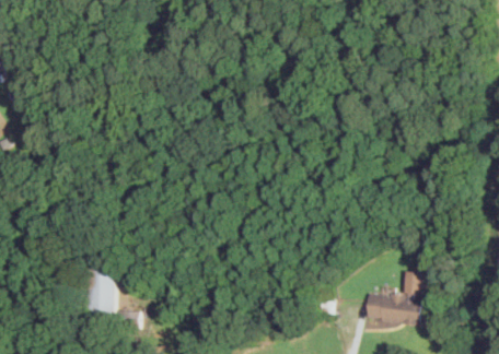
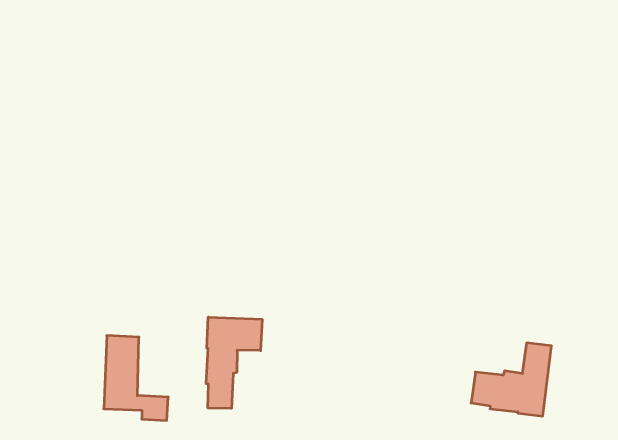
building: none -> [206,317,262,408]

